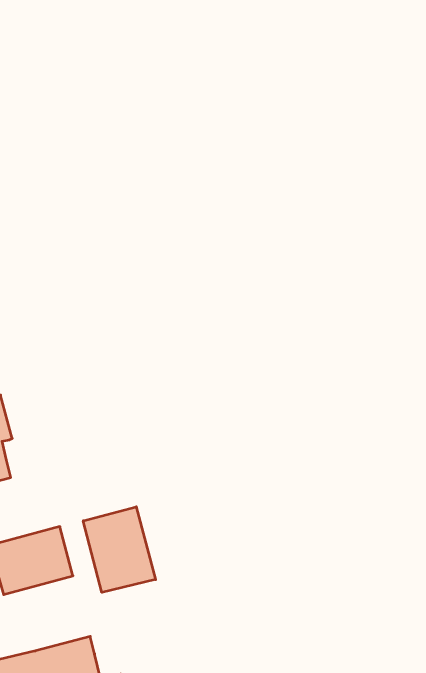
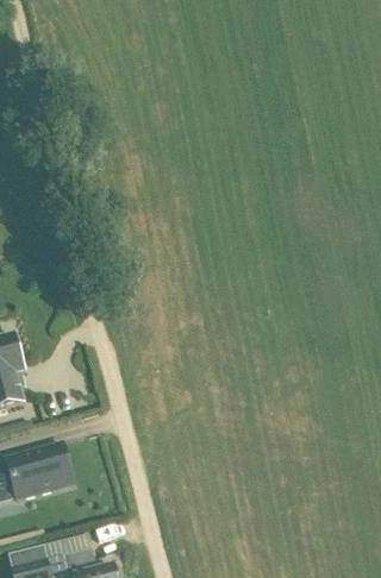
building: [83,507,156,592] -> none

